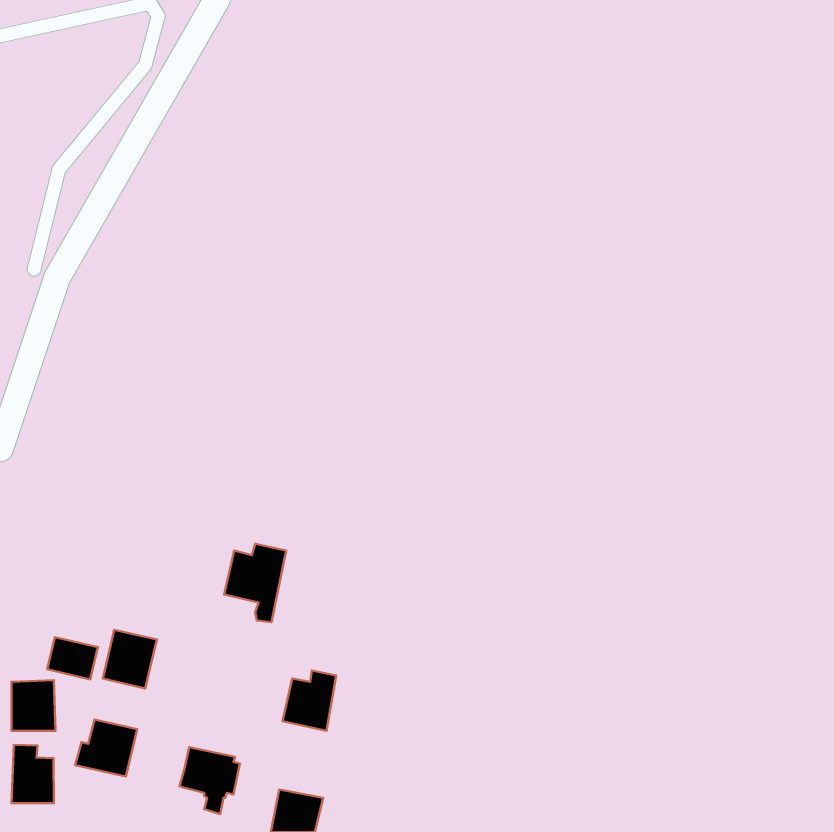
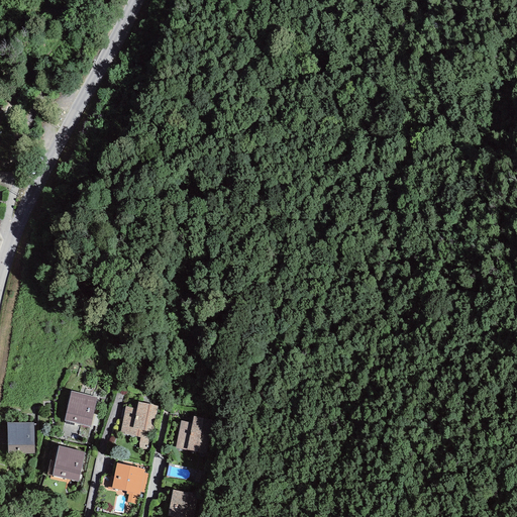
building: [224,544,286,622] -> [119,401,158,449]
building: [47,637,98,679] -> none
building: [12,745,54,803] -> none

